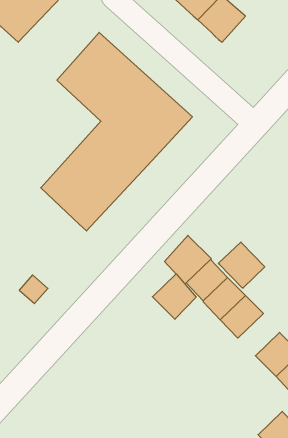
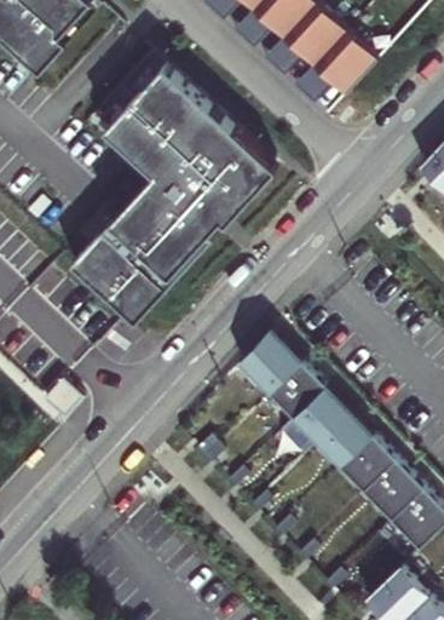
building: none -> [316,33,377,94]
building: [218,242,265,288] -> none
building: [152,274,196,319] -> none
building: none -> [338,435,393,490]

